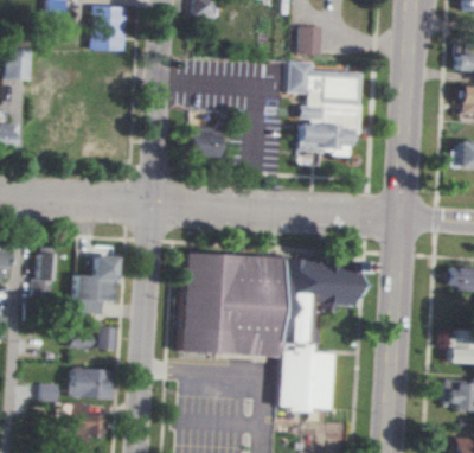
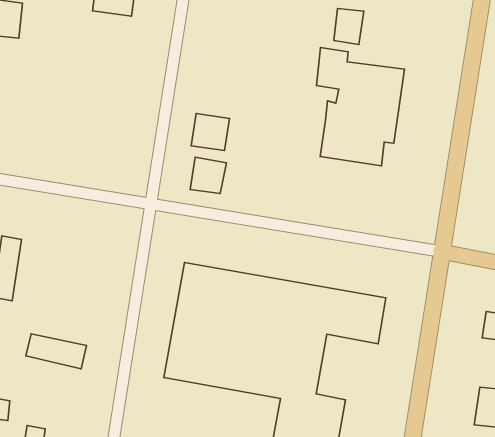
building: none -> [190,157,227,194]
building: [73,255,117,313] -> none
building: [69,368,115,398] -> none

